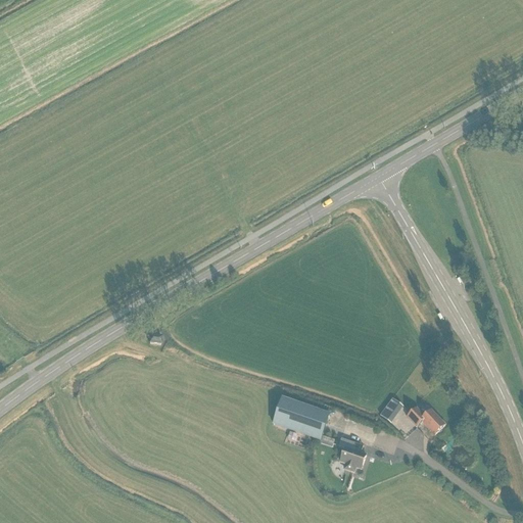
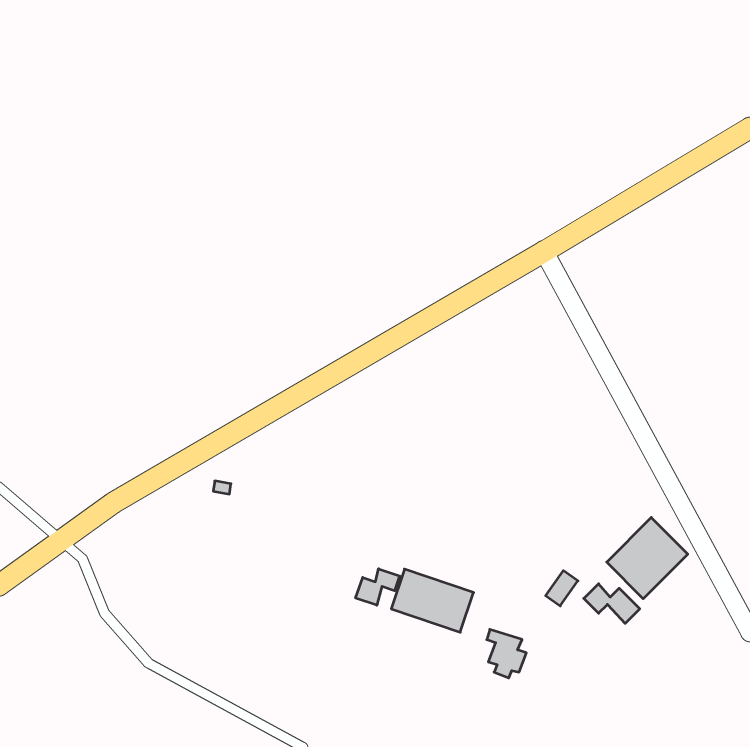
building: none -> [607,517,688,599]
building: none -> [356,569,400,605]

